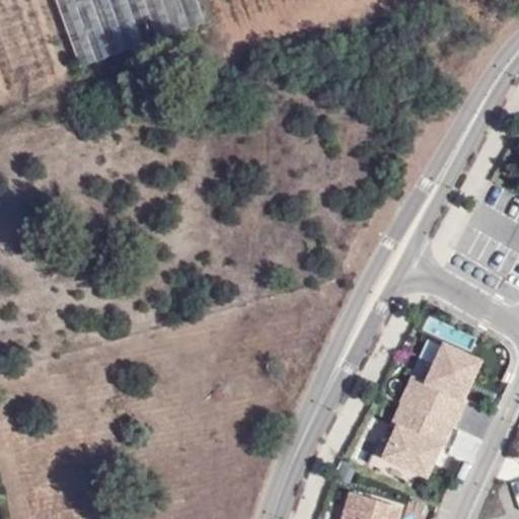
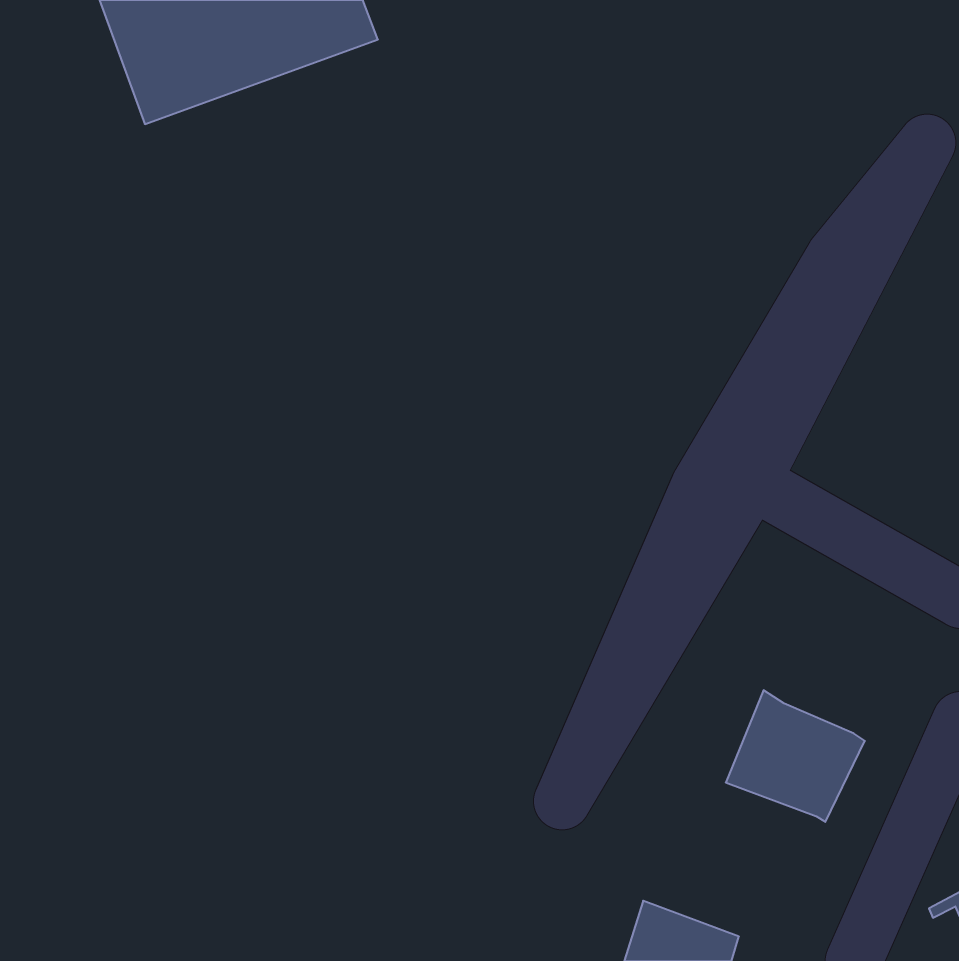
building: [424,340,479,395] -> none
building: [382,422,441,476] -> none

